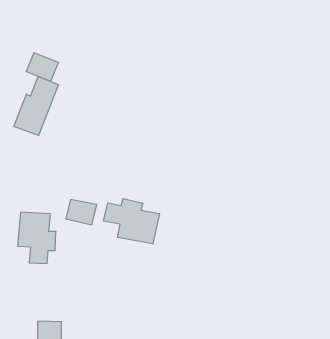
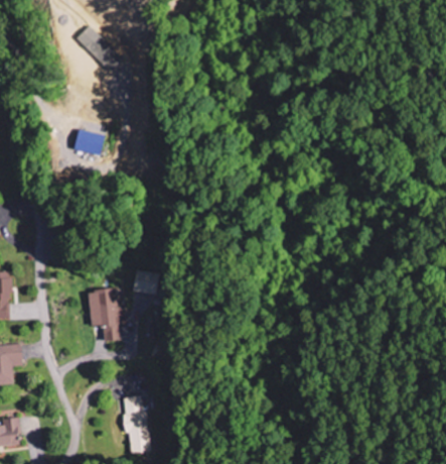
building: [14,77,58,136] -> none
building: [103,199,160,244] -> none

